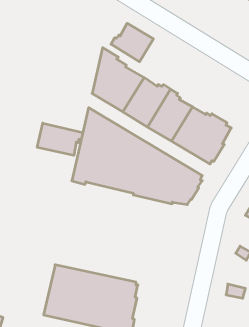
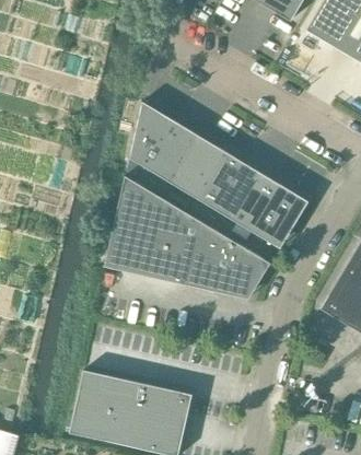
building: [111,23,153,62] -> none
building: [37,123,83,155] -> none

